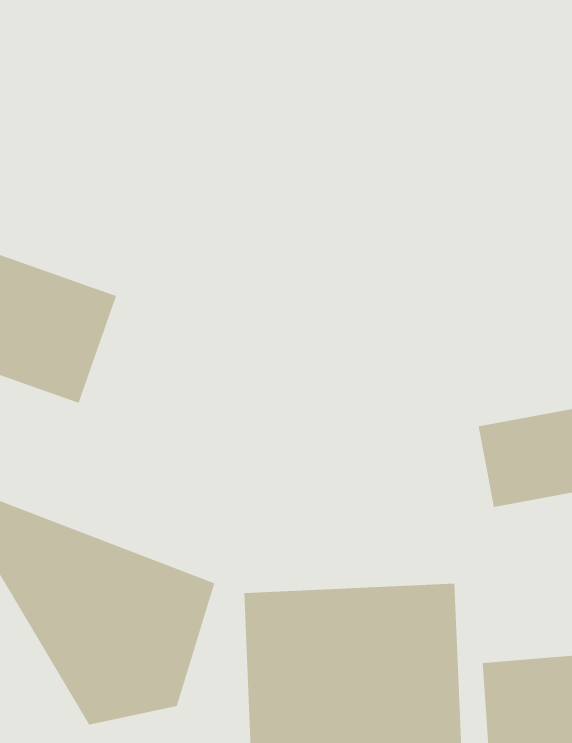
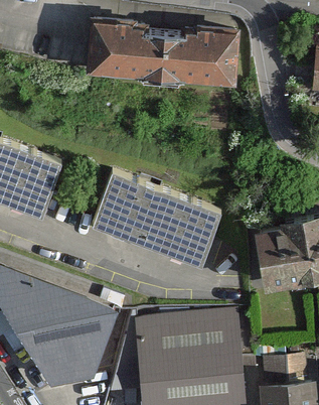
building: none -> [91,23,240,90]
building: none -> [92,169,223,266]

